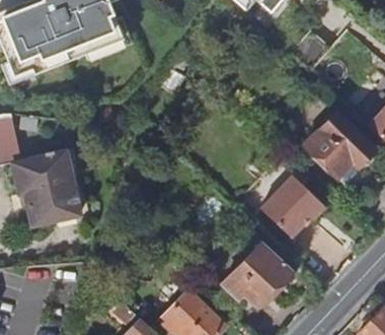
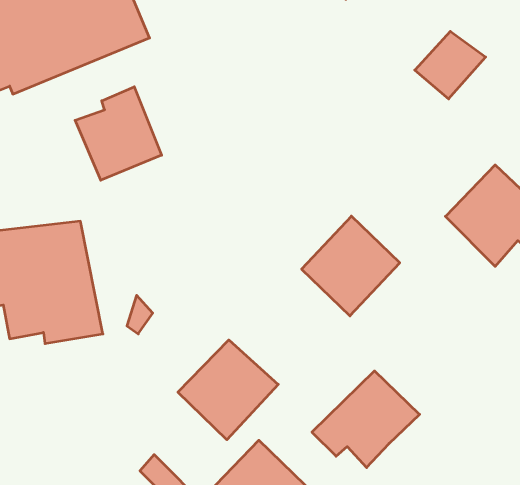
building: none -> [75,87,162,180]
building: [258,177,320,240] -> [302,216,400,316]
building: none -> [178,340,278,440]

